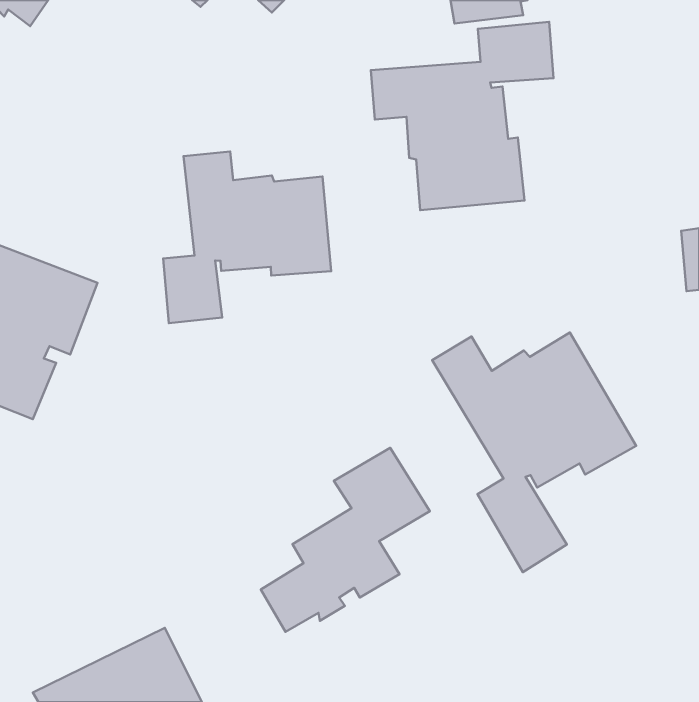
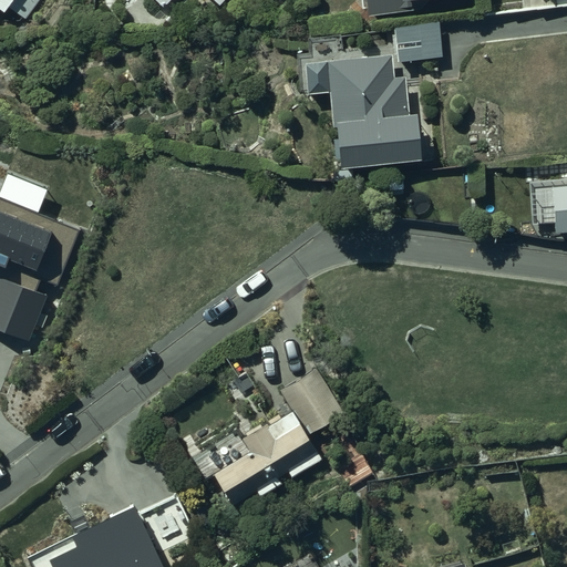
building: [163,151,331,323] -> none
building: [432,332,636,572] -> none

